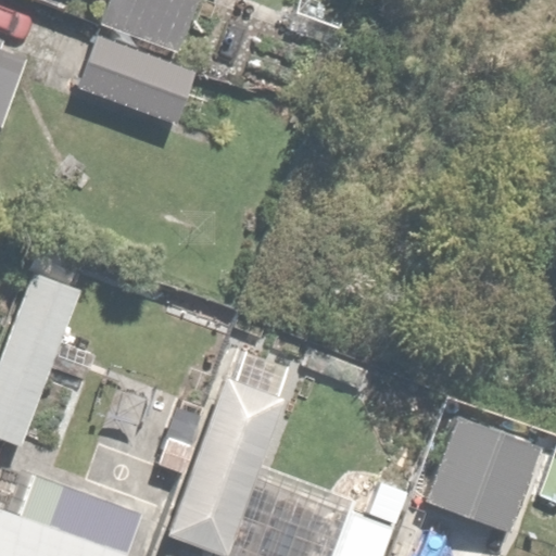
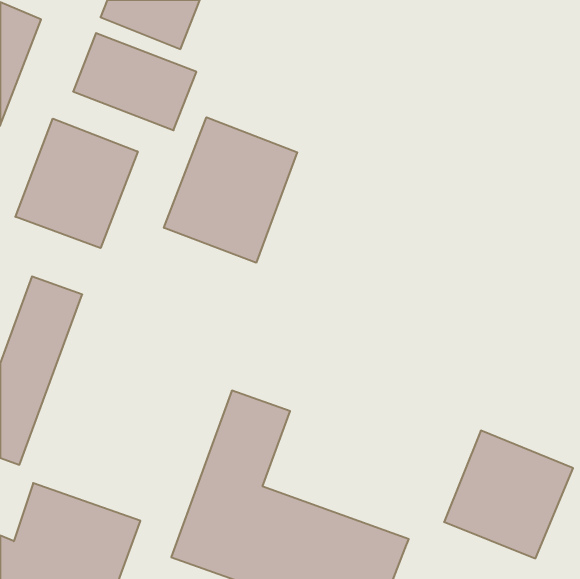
building: none -> [164,117,297,263]
building: none -> [15,119,138,248]

